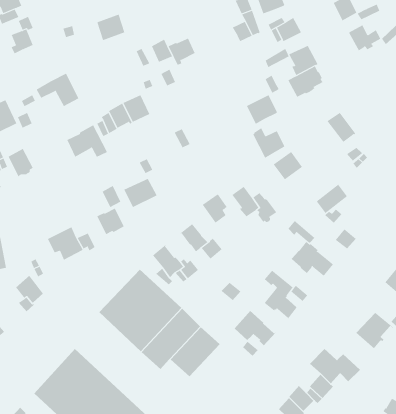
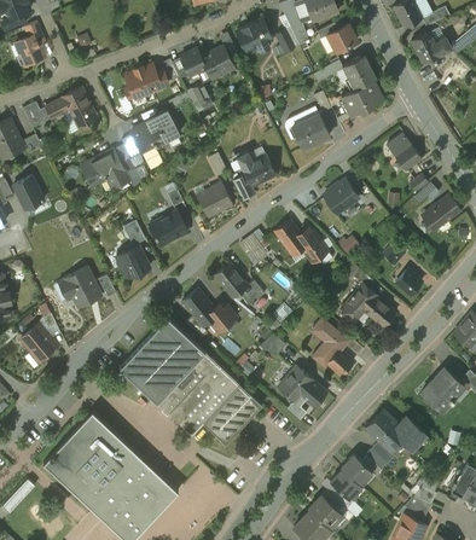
building: none -> [236,18,271,52]
building: [96,14,125,41] -> [126,65,159,97]
building: [252,128,285,158] -> [236,151,274,187]
building: none -> [196,182,232,219]
building: [316,184,348,214] -> [422,196,459,231]

